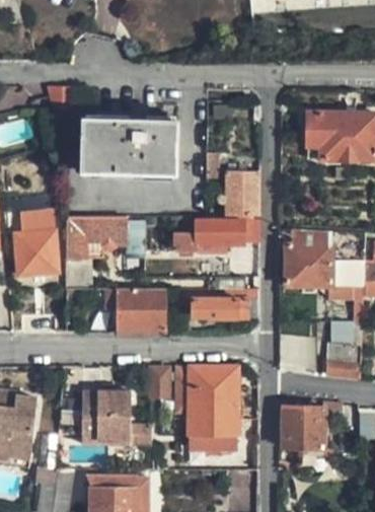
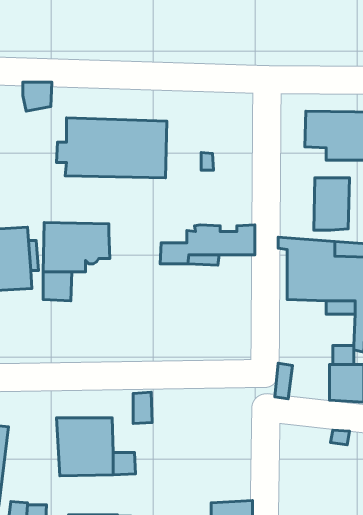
building: [228,169,260,217] -> [314,178,349,230]
building: [115,286,165,332] -> none
building: [190,289,247,321] -> none
building: [176,366,236,448] -> none
building: [282,409,322,451] -> none

